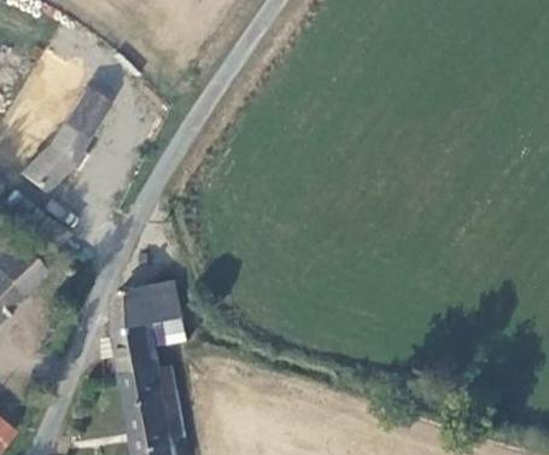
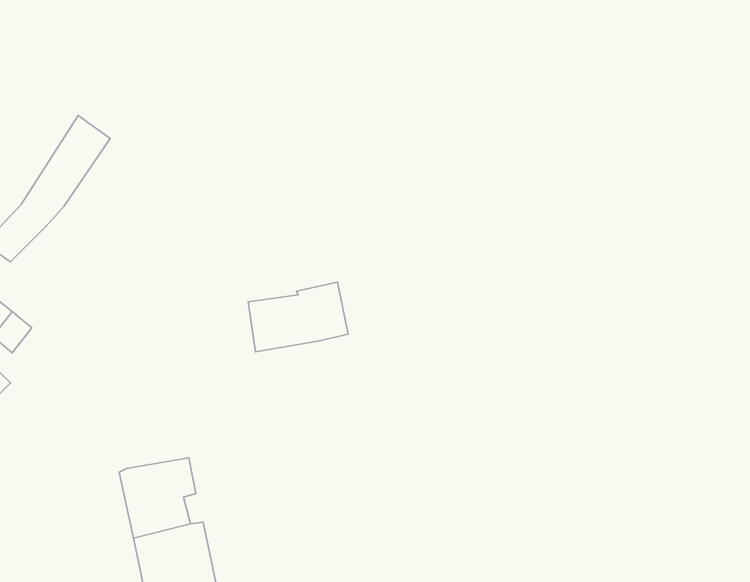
building: [111,284,179,331] -> [248,282,348,352]

